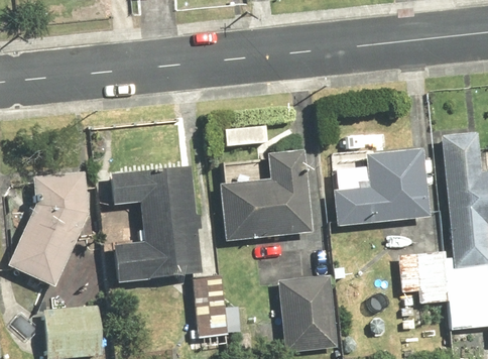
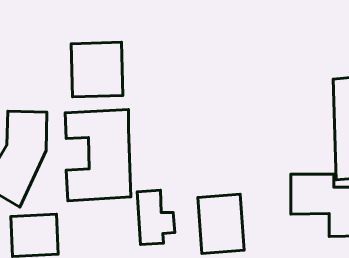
building: none -> [71,42,123,97]
building: [336,151,425,224] -> none
building: [218,174,308,238] -> none

